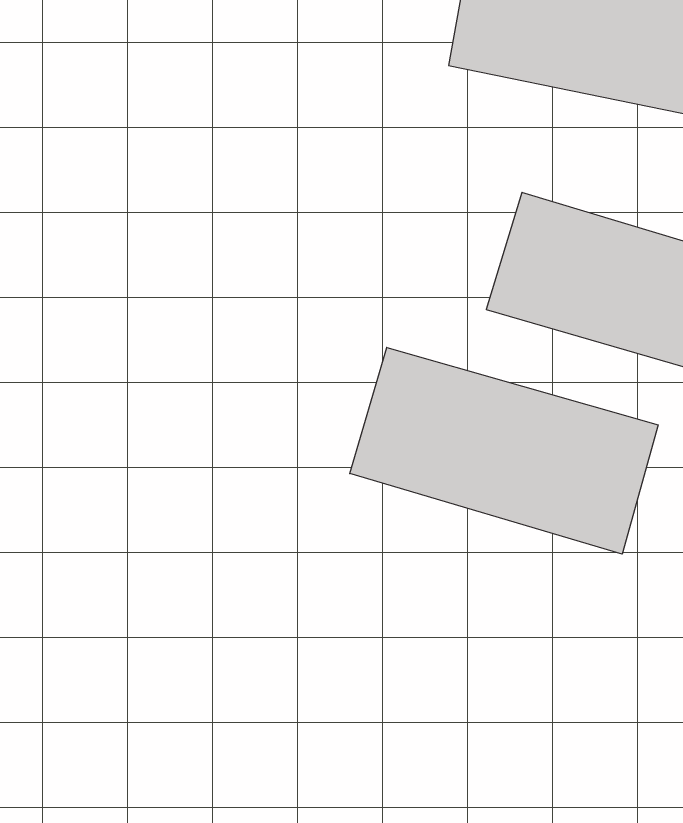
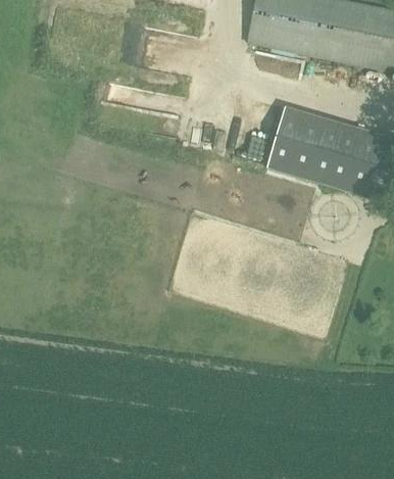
building: [350,347,658,554] -> none

